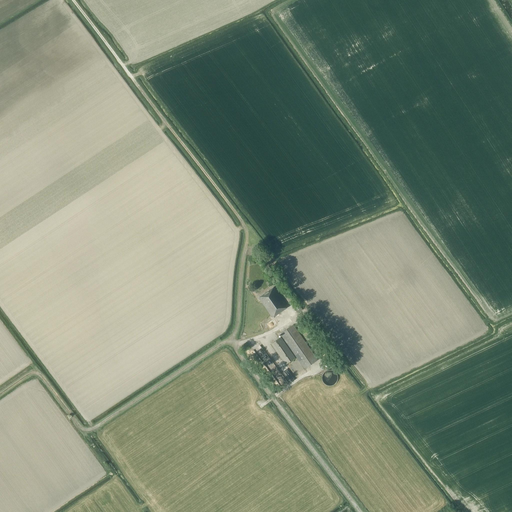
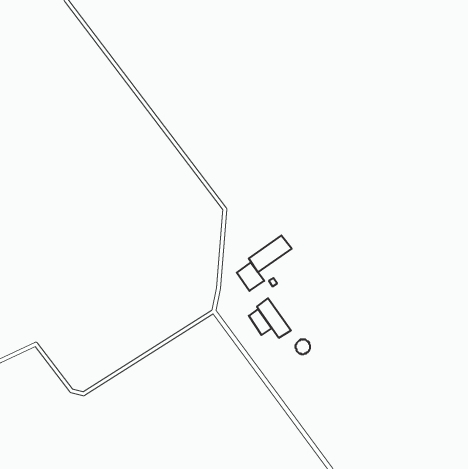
building: none -> [249,235,292,272]

